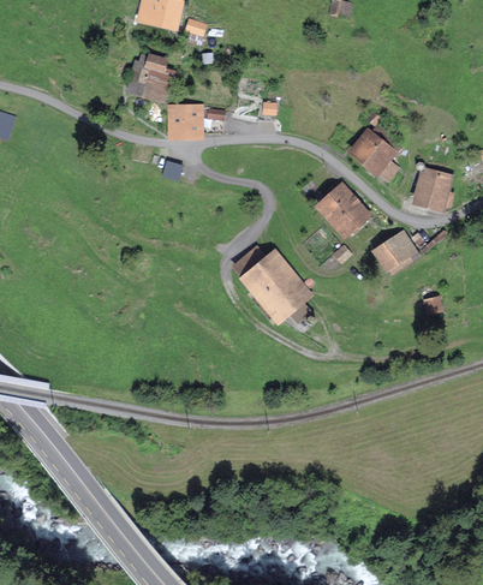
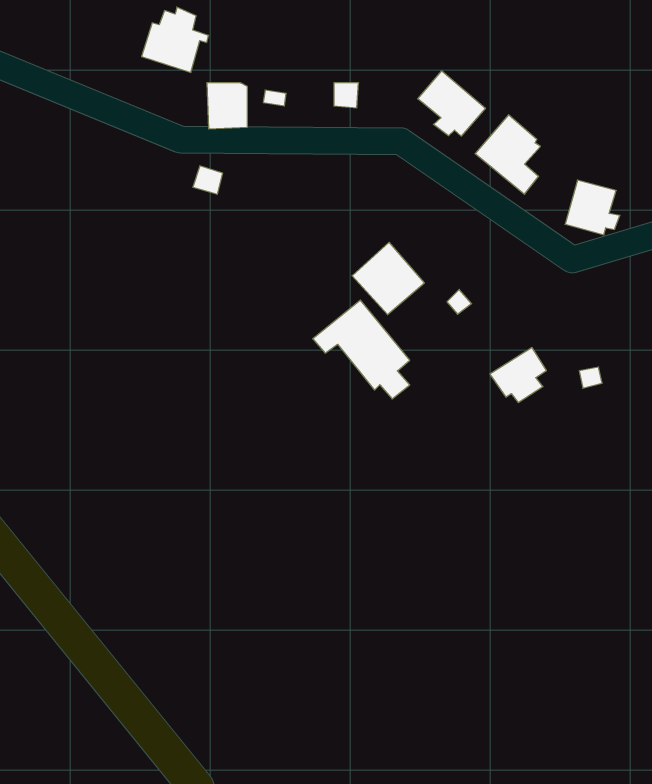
building: none -> [418,71,485,136]
building: [317,185,366,234] -> [352,242,424,315]
building: [374,234,412,271] -> [490,348,546,402]

